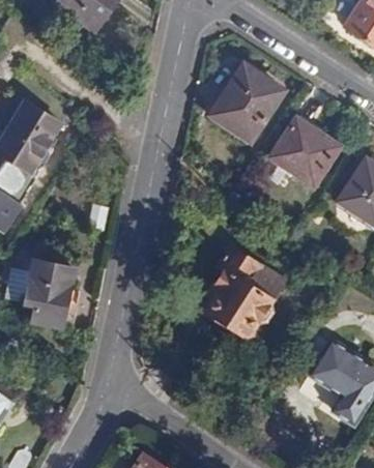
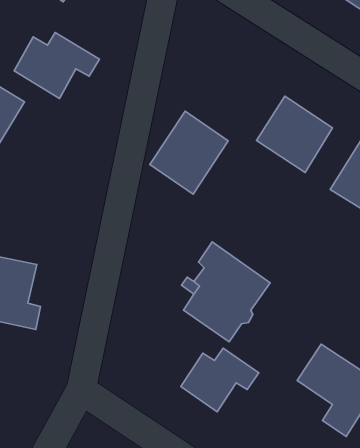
building: none -> [14,32,100,98]
building: [210,61,282,137] -> [150,111,228,194]
building: none -> [181,348,259,412]

